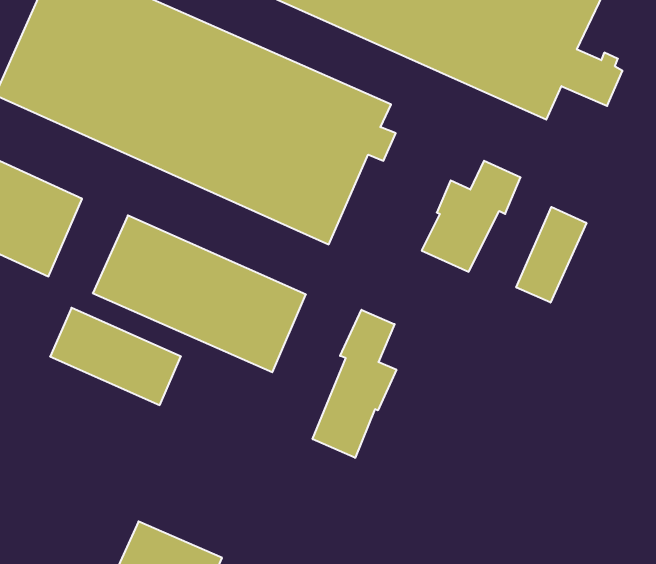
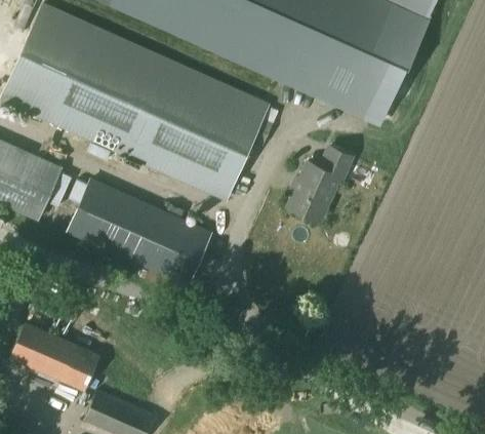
building: [516,207,586,303] -> none
building: [50,308,181,405] -> [11,321,99,387]
building: [313,310,396,458] -> none

